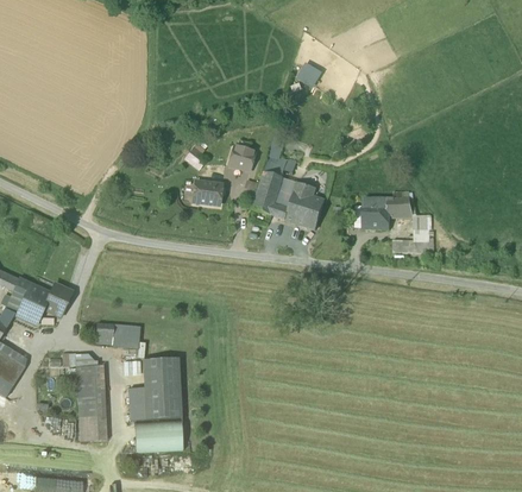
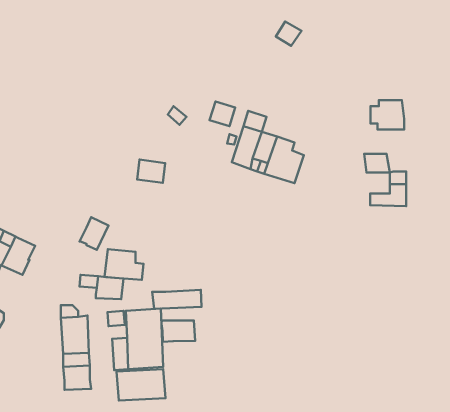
building: [193,181,221,204] -> [137,160,165,183]
building: [354,198,389,228] -> [371,100,404,129]
building: [43,282,73,315] -> [79,217,109,250]
building: none -> [104,249,143,280]
building: none -> [152,290,201,309]
building: none -> [161,320,195,342]

